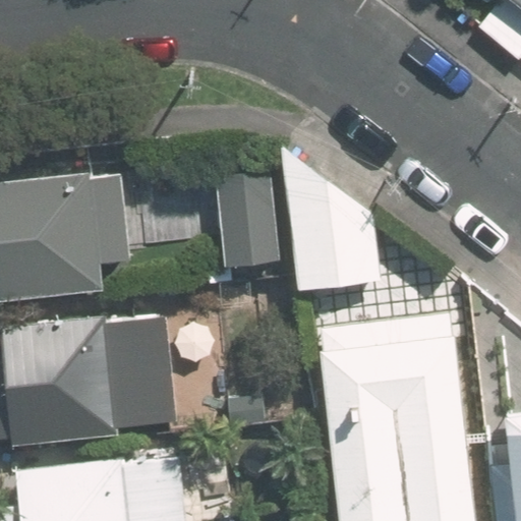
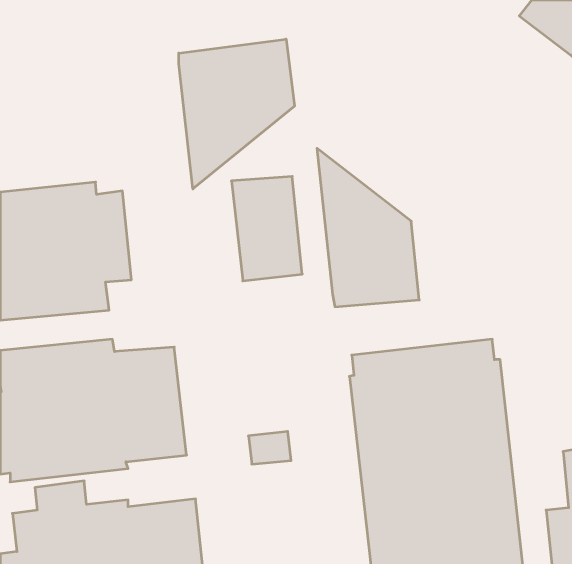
building: none -> [179,39,294,189]

